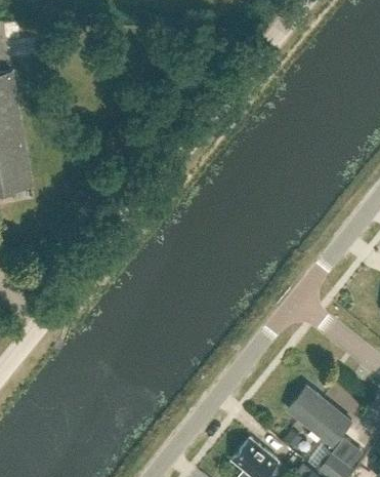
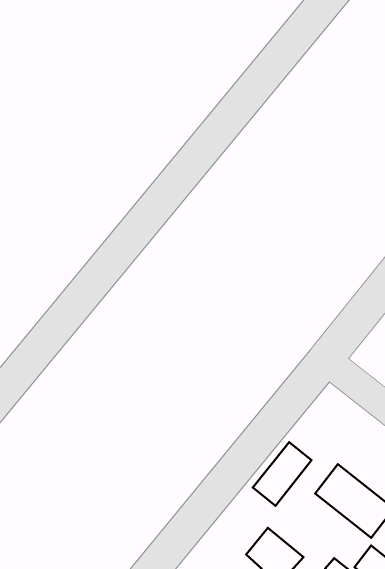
building: none -> [253,442,312,506]

